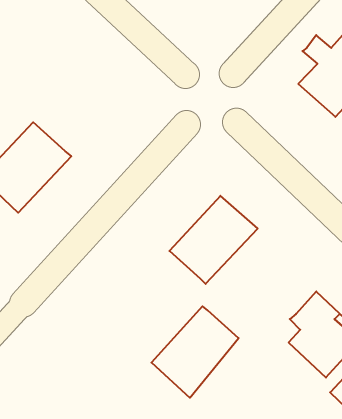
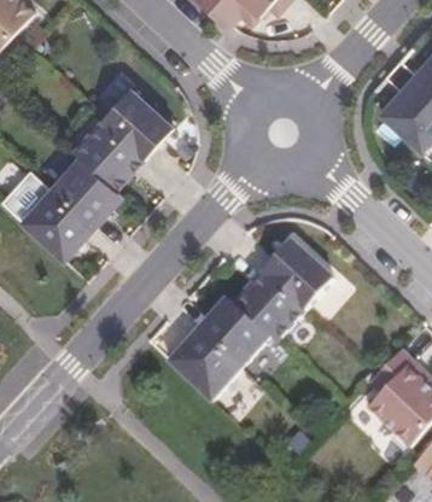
building: none -> [72,88,173,191]
building: [151,306,239,398] -> [169,299,268,403]

